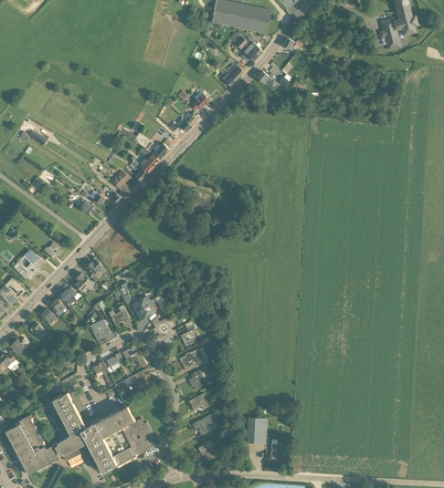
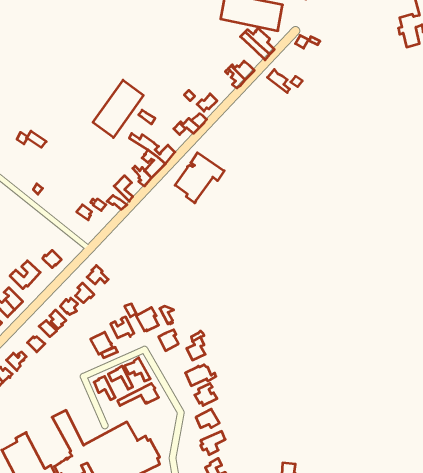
building: none -> [93,80,143,138]
building: none -> [175,153,224,203]
building: [245,416,266,443] -> none

